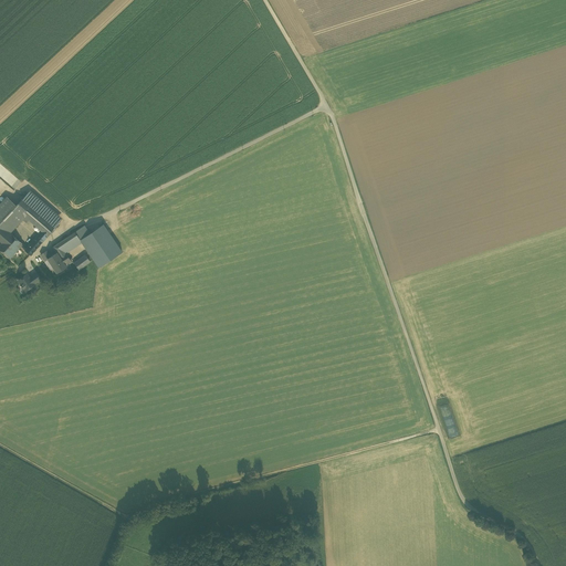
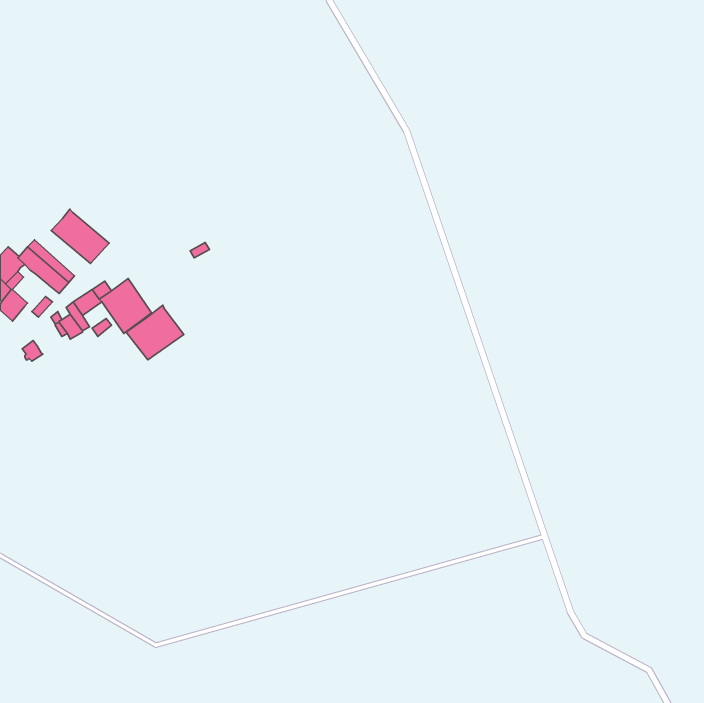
building: none -> [51,209,109,263]
building: none -> [126,305,184,360]

